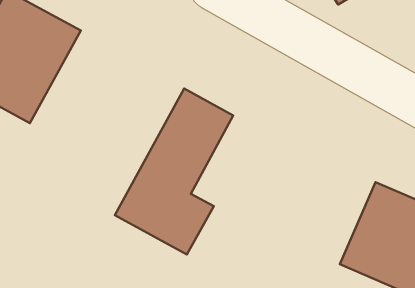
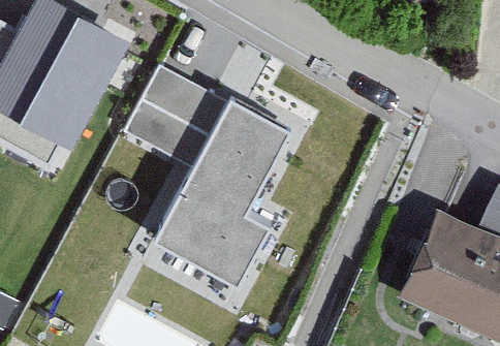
building: none -> [132,50,216,141]

